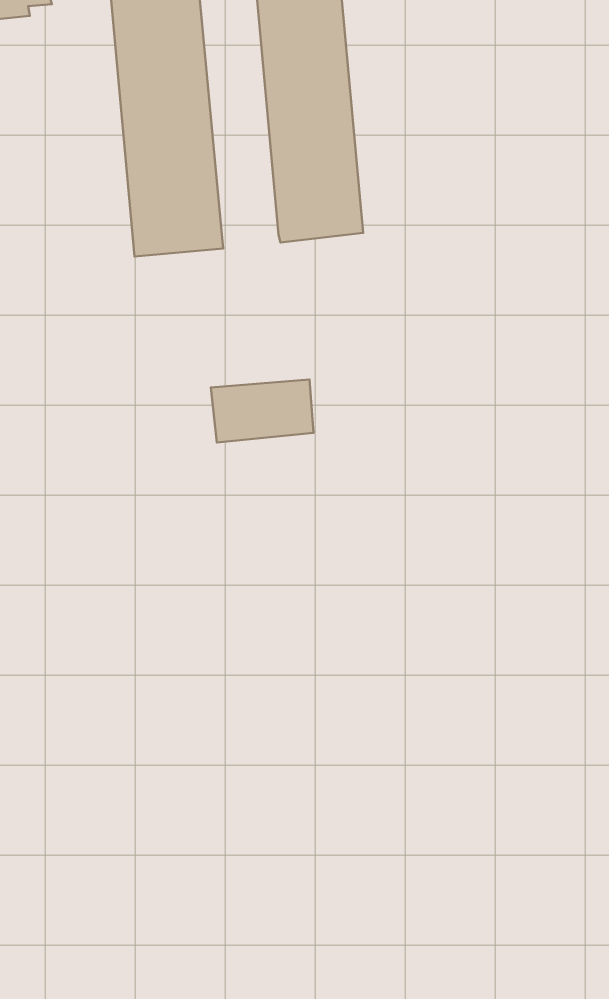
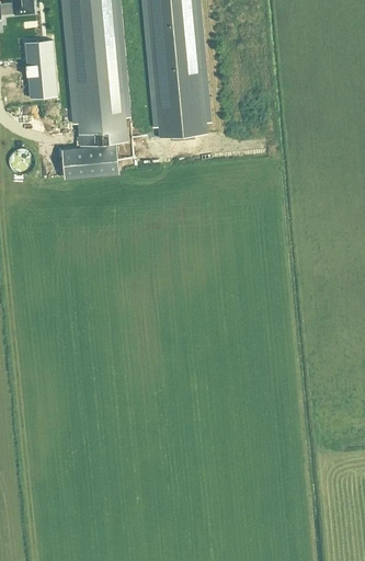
building: none -> [22,39,55,98]
building: [211,379,313,443] -> [59,144,116,179]

